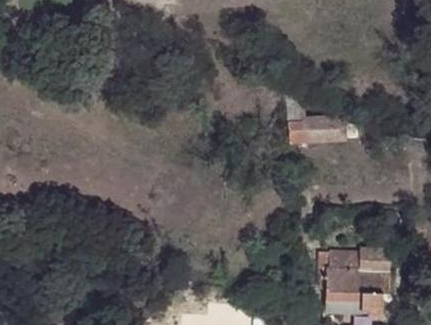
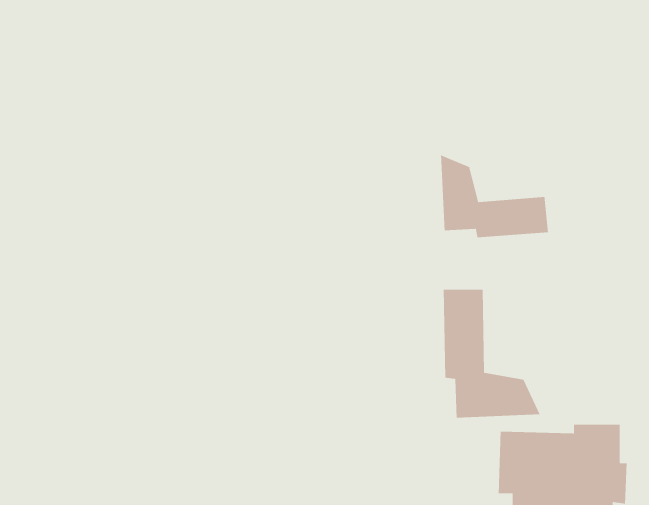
building: none -> [443,289,541,419]

